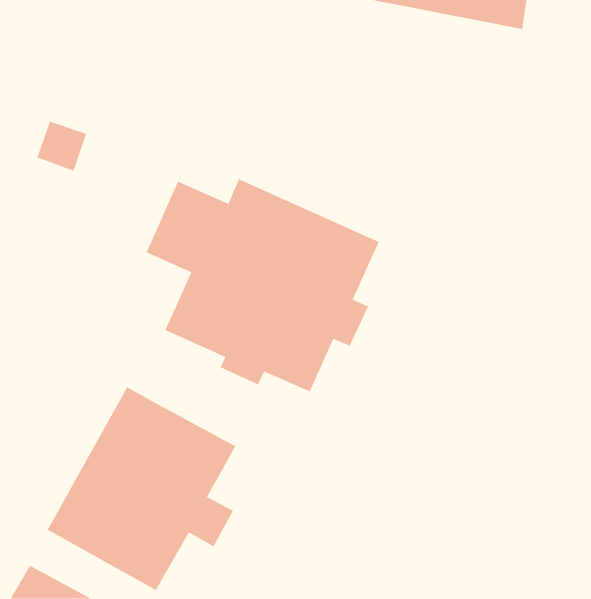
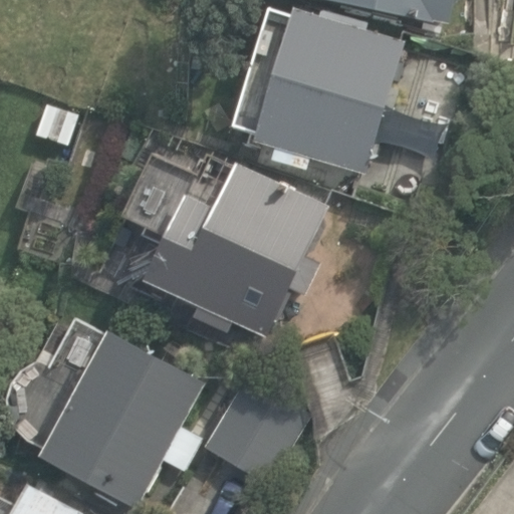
building: none -> [252,8,401,171]
building: none -> [203,374,307,482]

